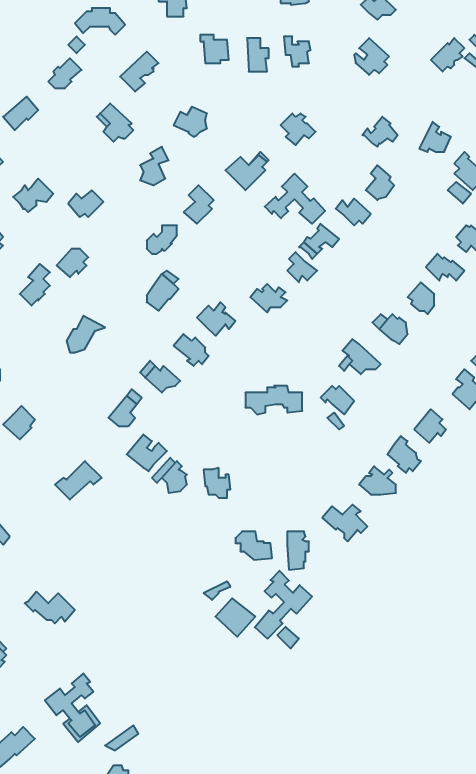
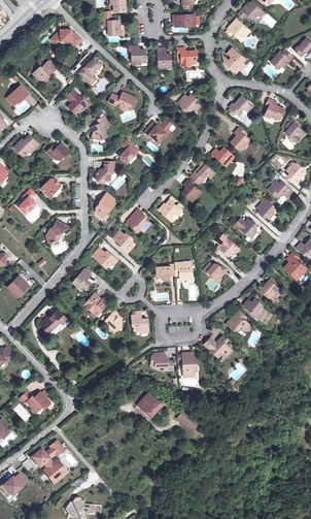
building: [265,174,325,224] -> none
building: [255,571,312,639] -> none

